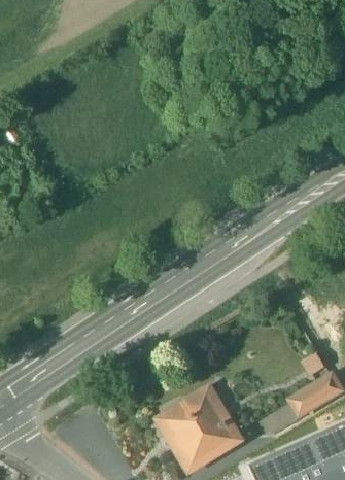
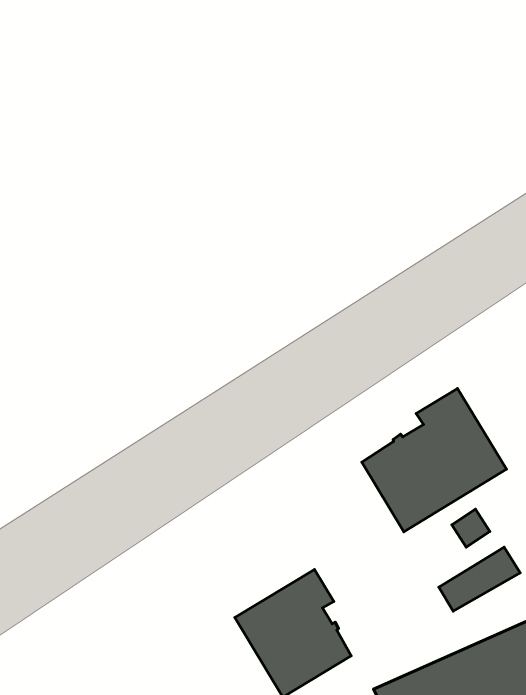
building: none -> [362,388,507,532]

